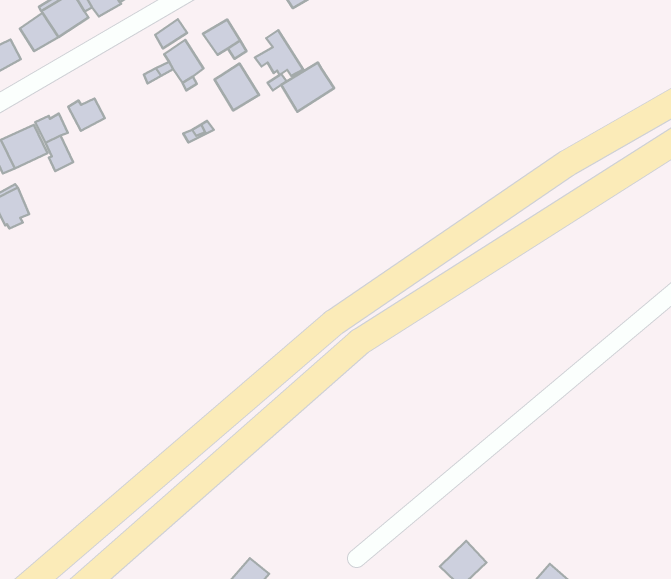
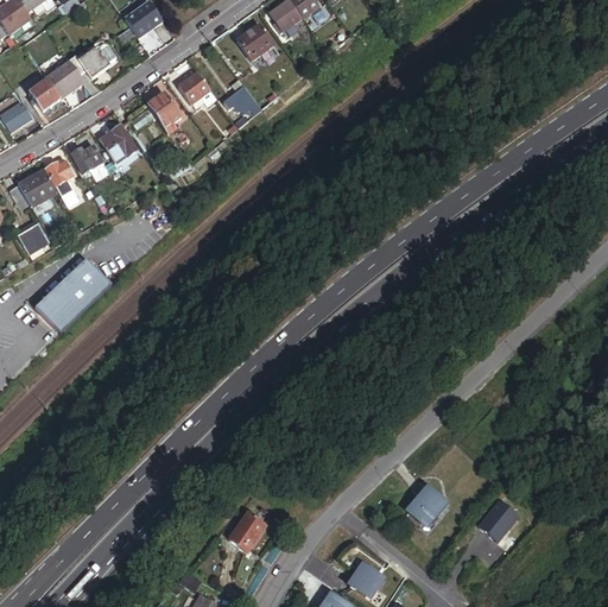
building: [281,63,334,112] -> none
building: [215,64,259,110] -> none
building: none -> [100,126,137,164]
building: none -> [36,258,113,334]

